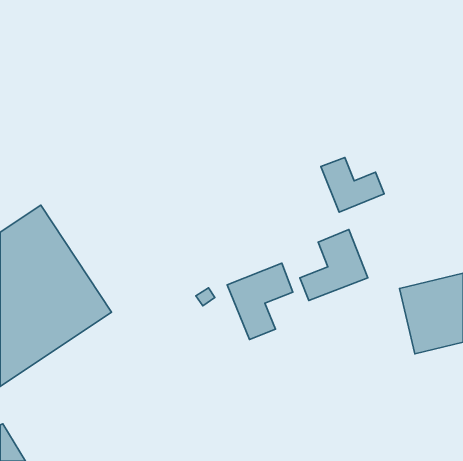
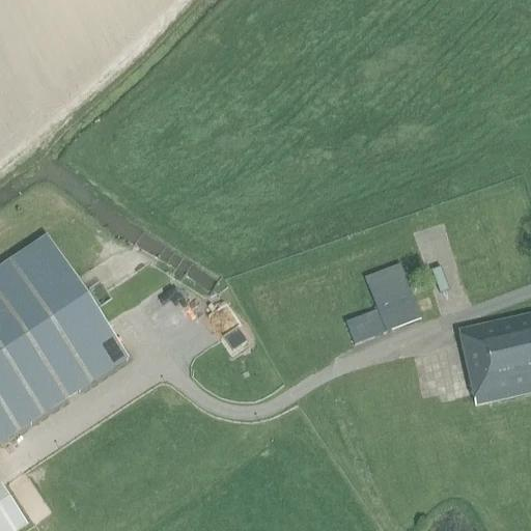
building: [321,157,384,212] -> none
building: [227,263,293,339] -> none

